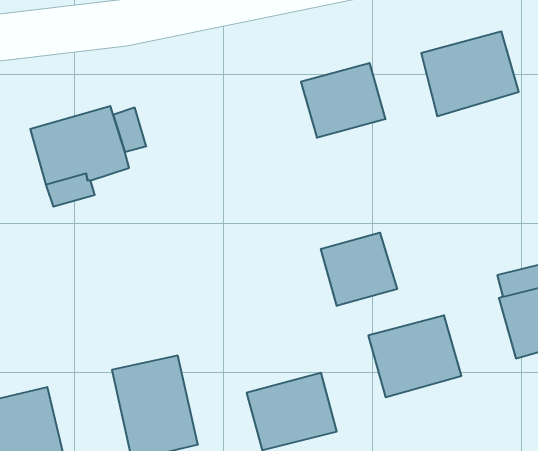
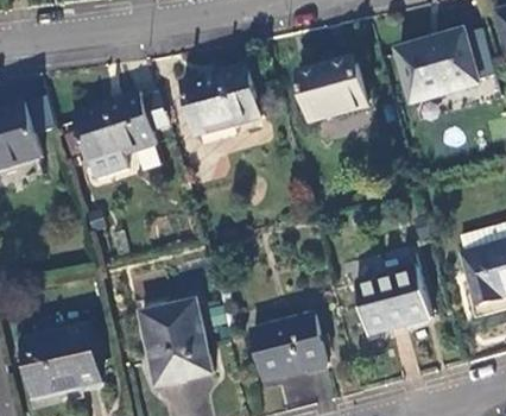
building: none -> [182,65,260,135]
building: [321,233,397,306] -> none

